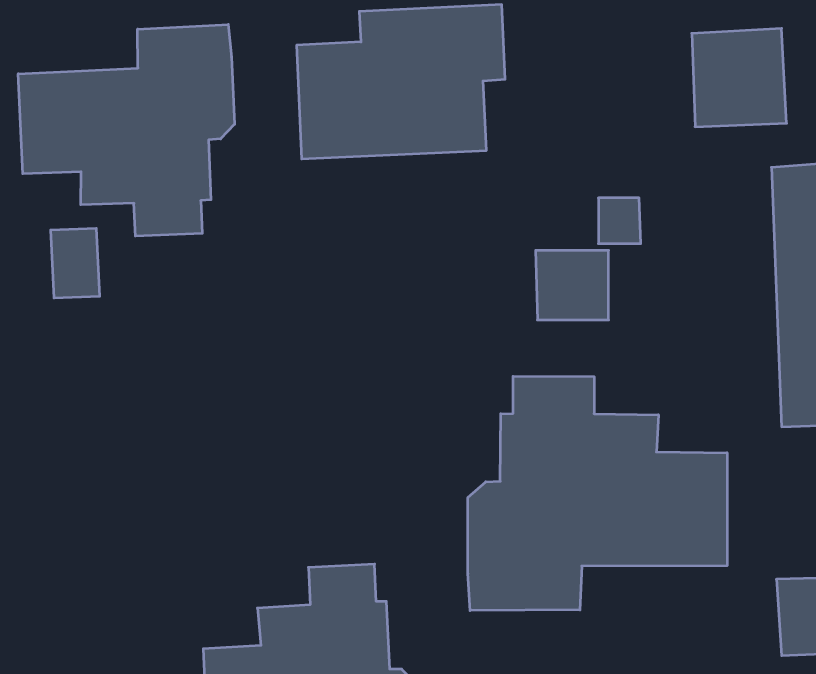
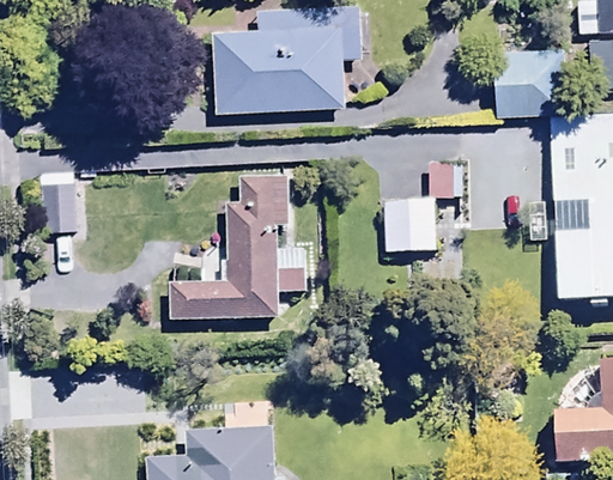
building: [18,24,235,236] -> none
building: none -> [169,175,306,321]
building: [468,376,727,611] -> none

